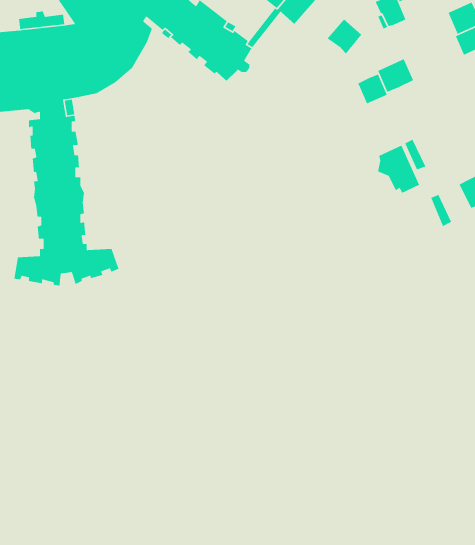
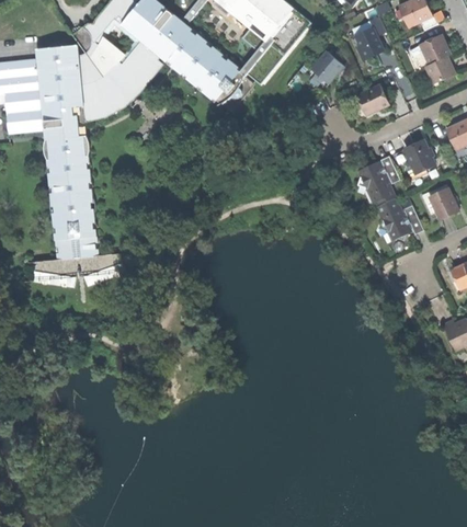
building: [357,74,388,104] -> none
building: none -> [403,140,433,172]
building: none -> [374,197,409,240]

